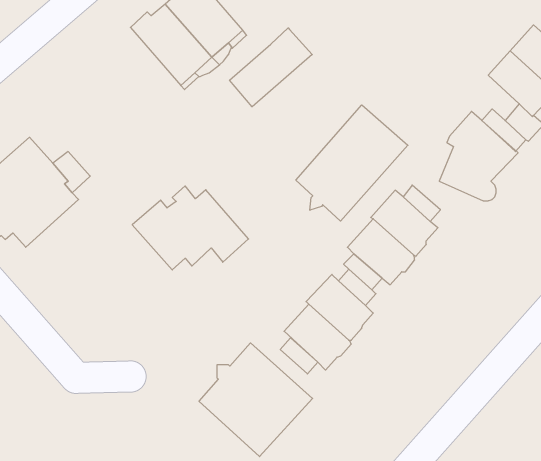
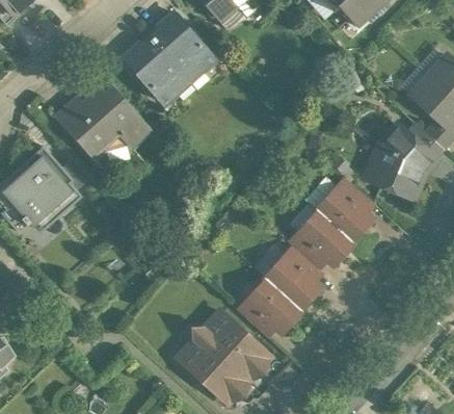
building: [230,28,312,107] -> none
building: [296,105,408,221] -> none
building: [132,186,249,270] -> [54,83,148,151]

